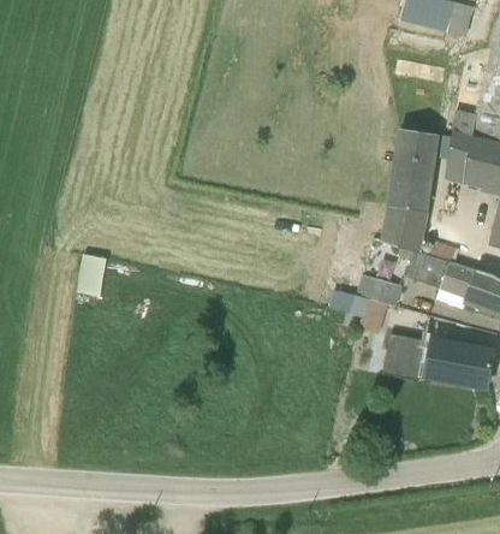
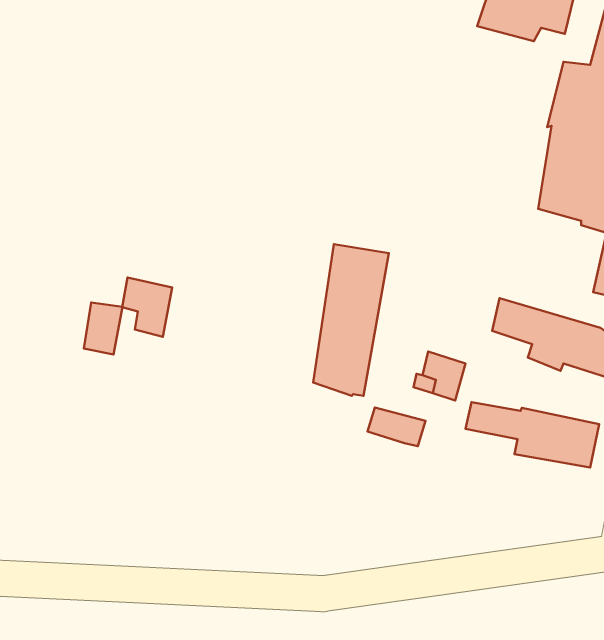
building: [381,129,442,251] -> [313,244,389,396]
building: none -> [122,277,172,337]
building: [356,274,403,305] -> [367,408,425,446]

